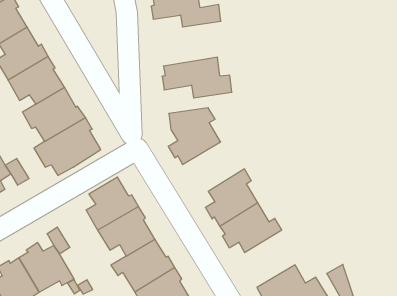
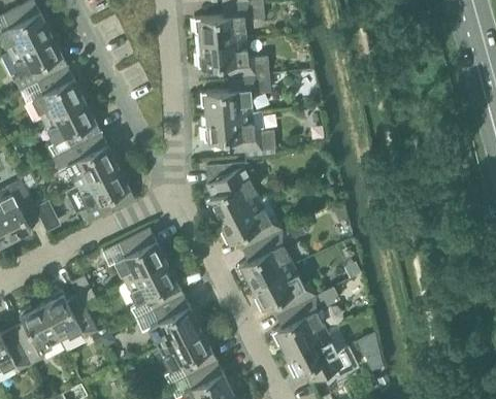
building: none -> [199,74,268,117]
building: none -> [217,199,280,250]
building: none -> [270,295,326,353]

